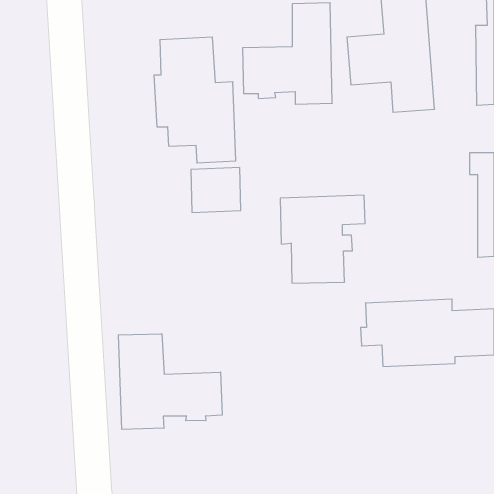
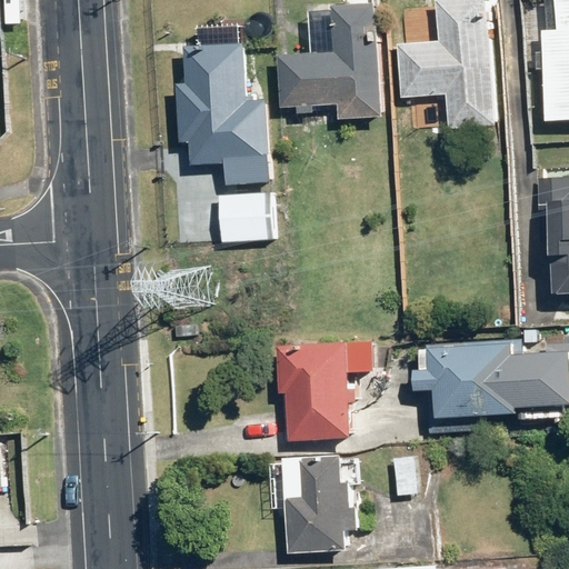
building: [280,195,365,283] -> [276,338,372,438]
building: [118,334,222,429] -> none
building: none -> [283,456,361,553]

